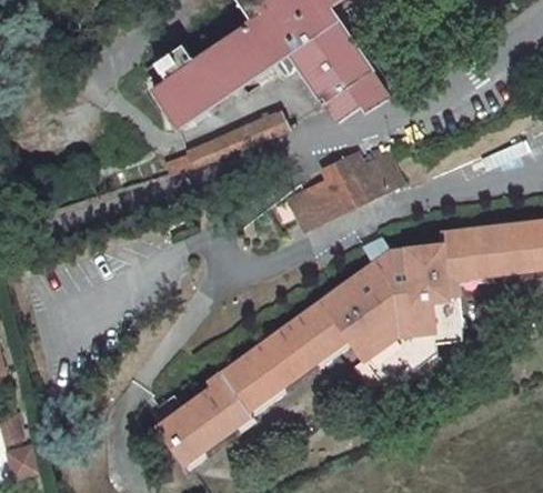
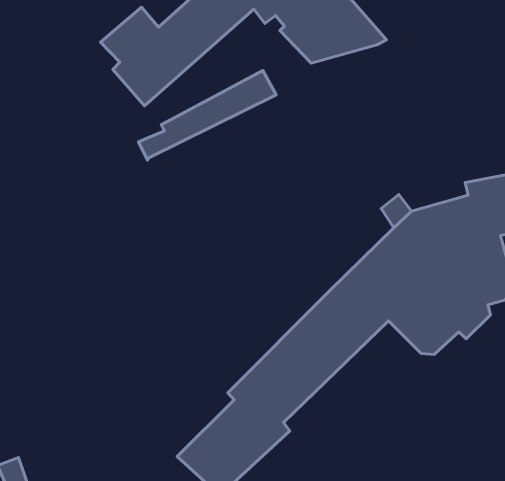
building: [283,153,395,231] -> none

